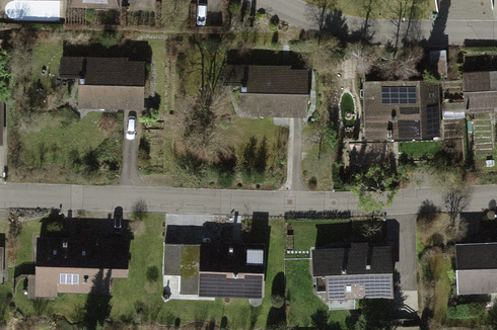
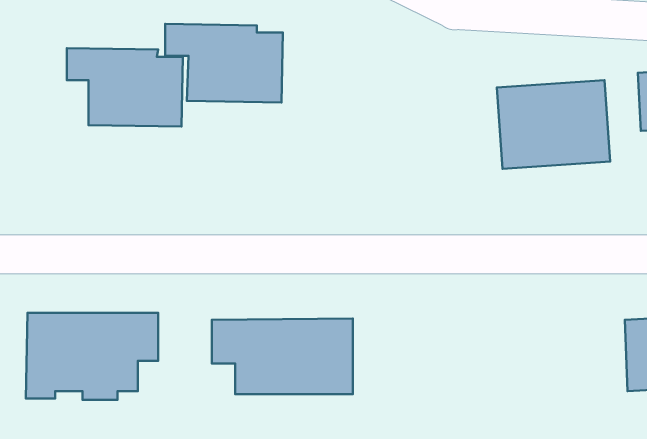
building: [224,63,306,117] -> [165,24,283,102]
building: [307,245,395,300] -> none

